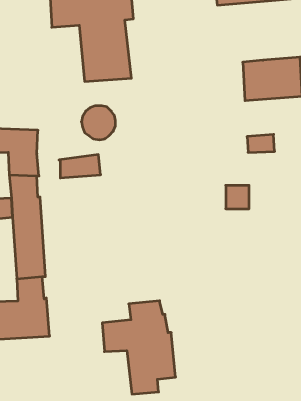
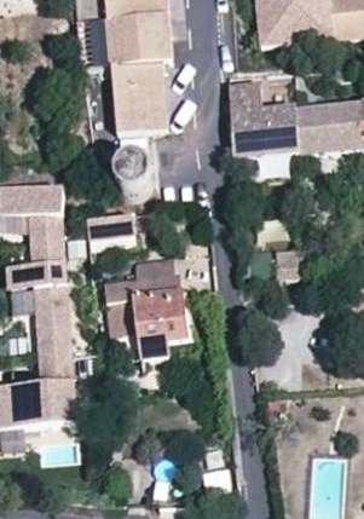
building: none -> [230,82,299,156]
building: [102,301,176,394] -> [105,254,189,361]

